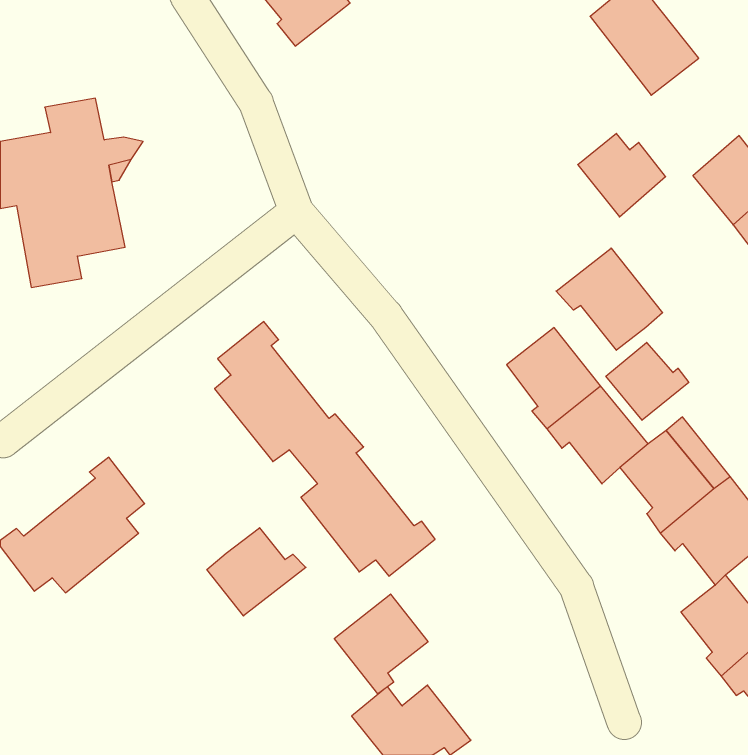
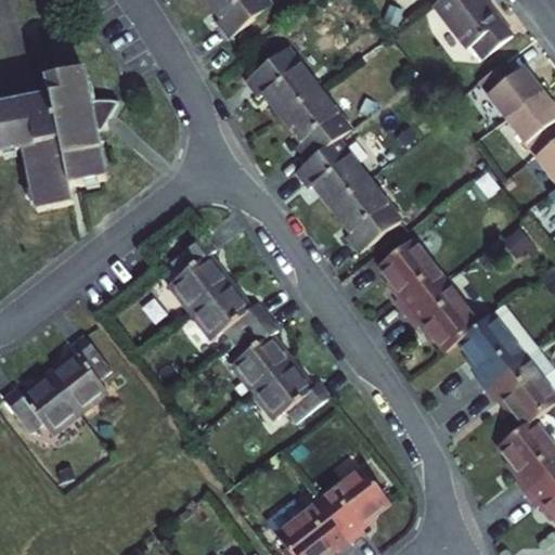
building: none -> [241,46,395,248]
building: [578,133,666,217] -> [483,67,547,128]
building: [556,248,663,350] -> none
building: [606,342,689,420] -> none
building: [207,528,306,616] -> none
building: [334,594,428,694] -> [321,466,389,539]

